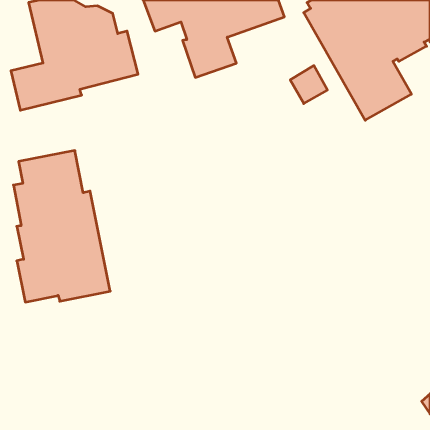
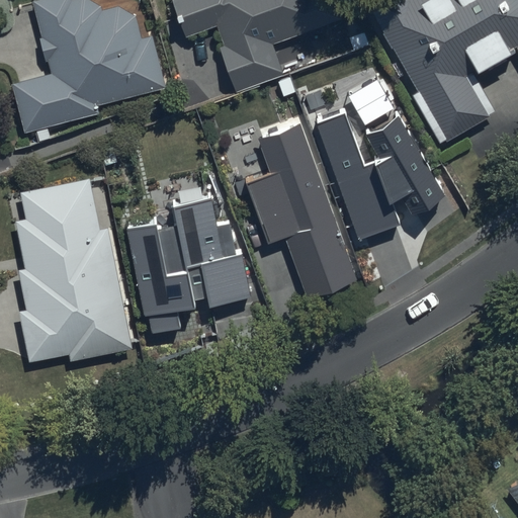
building: none -> [317,109,445,241]
building: none -> [245,122,358,298]
building: none -> [125,195,249,333]

